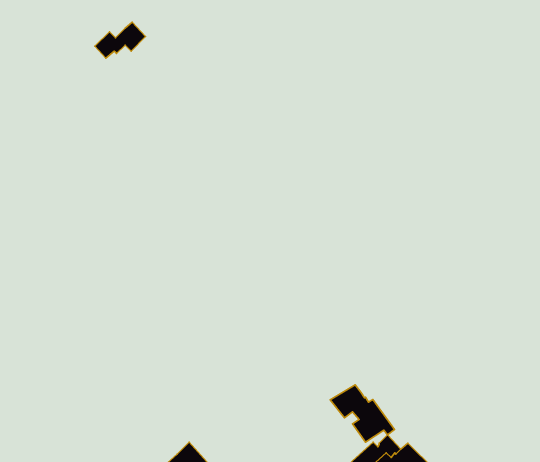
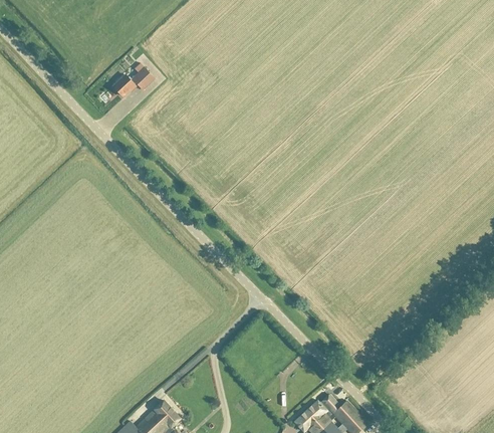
building: [95,22,145,58] -> [112,67,155,97]
building: [330,385,394,442] -> none

